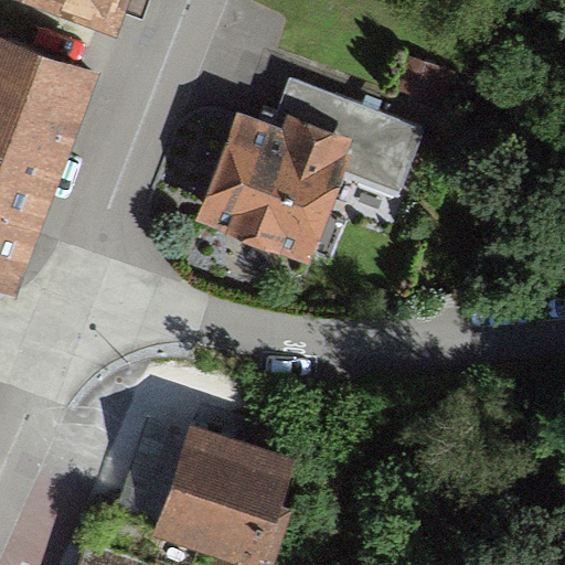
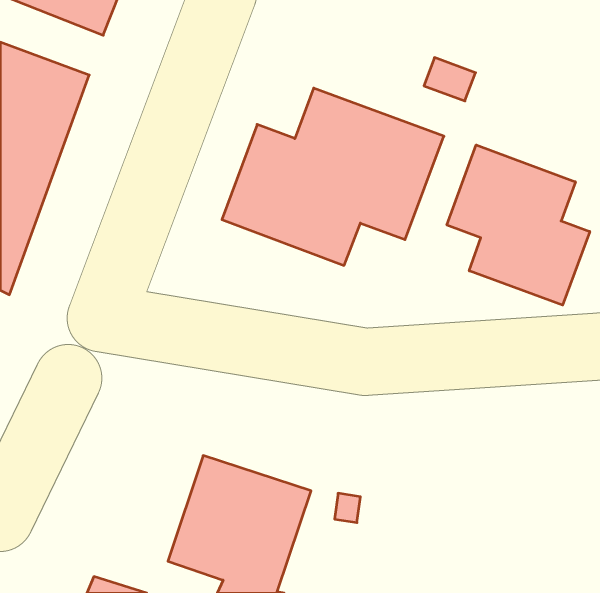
building: none -> [447,145,590,305]

